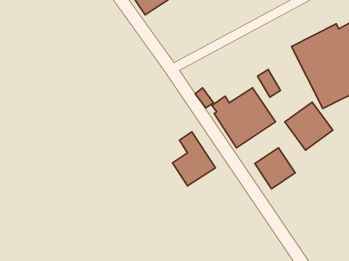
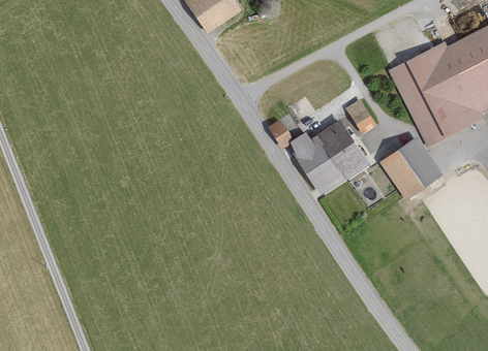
building: [173,132,215,186] -> none
building: [255,148,295,189] -> none

